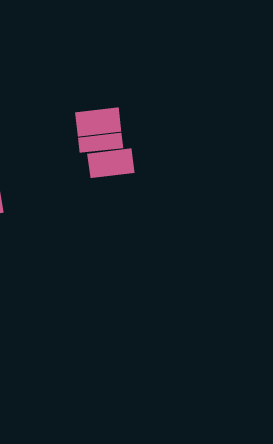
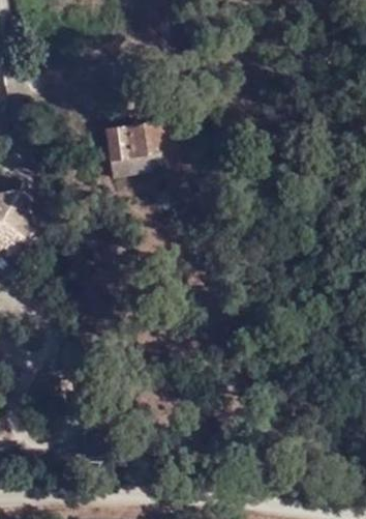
building: [87,148,135,179] -> none

